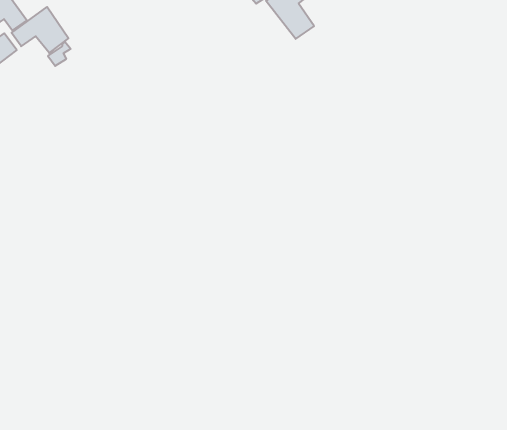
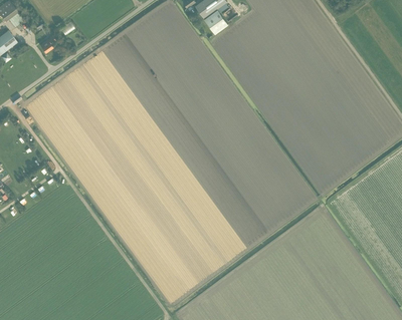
building: [12,7,68,53] -> none

